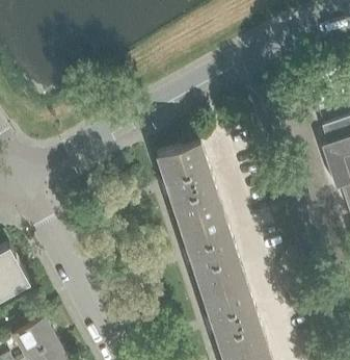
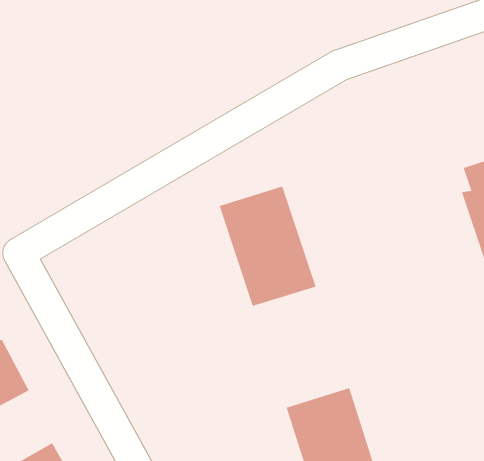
building: [179,208,245,290] -> none

